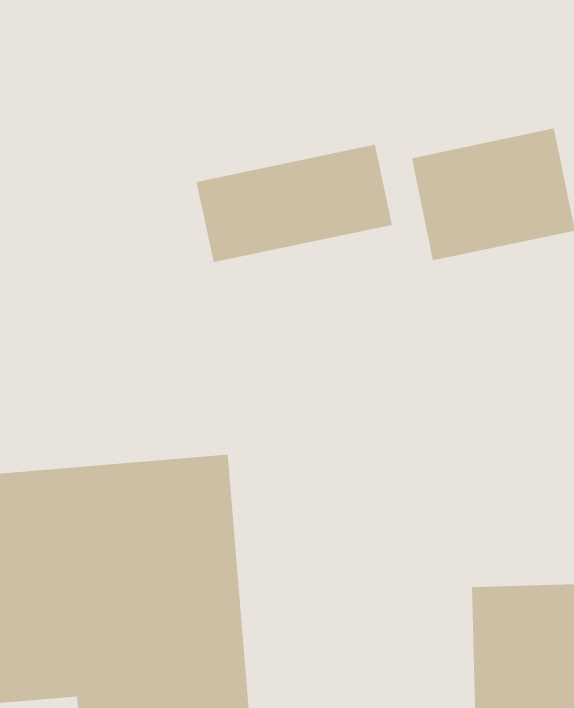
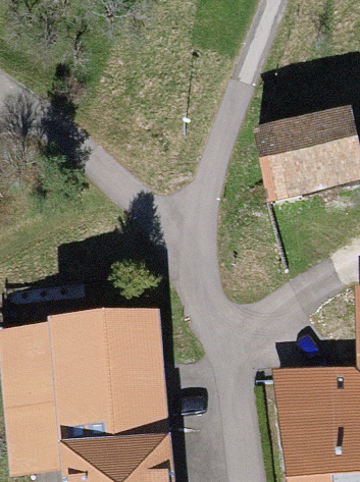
building: [196,144,393,263] -> none

